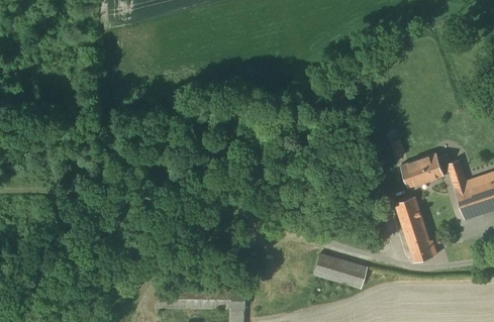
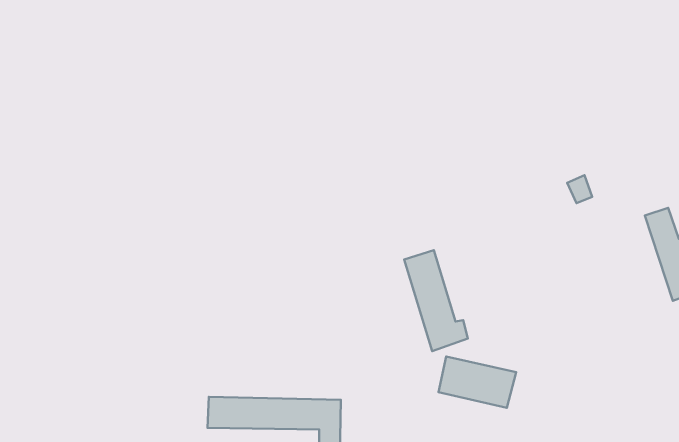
building: [397,153,441,190] -> none
building: [395,195,436,260] -> [404,250,468,351]

